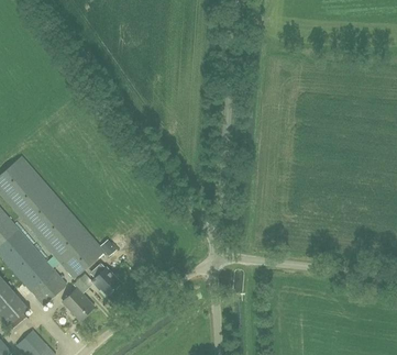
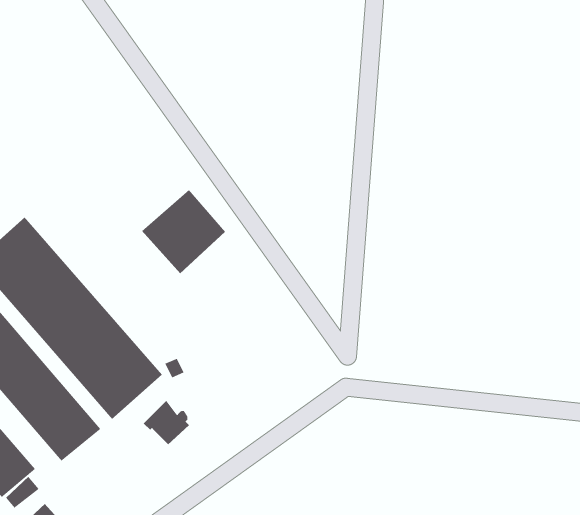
building: none -> [141,189,226,274]
building: [63,288,95,320] -> none

